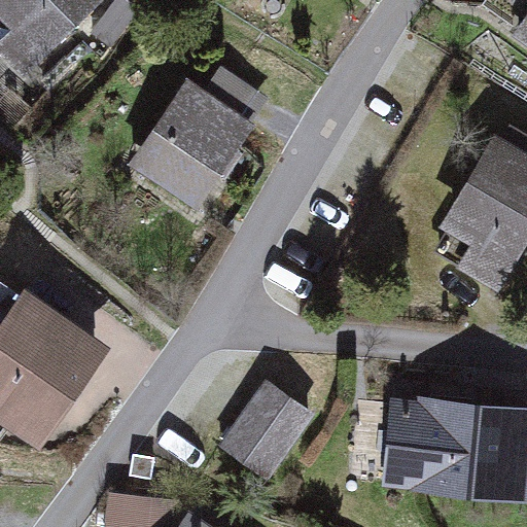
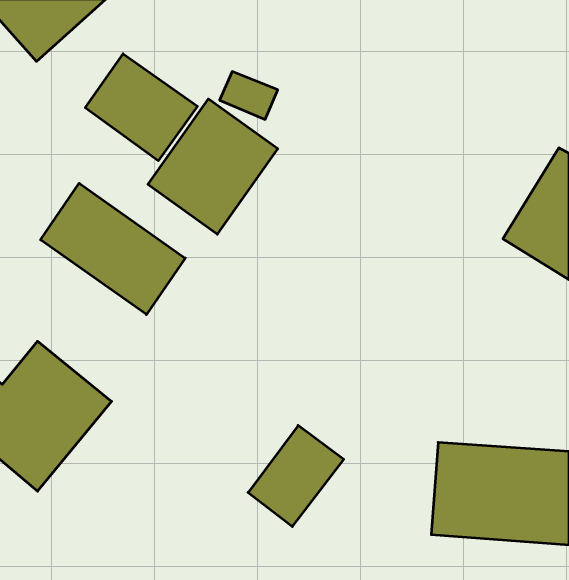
building: none -> [85,54,197,161]
building: none -> [41,183,185,315]

